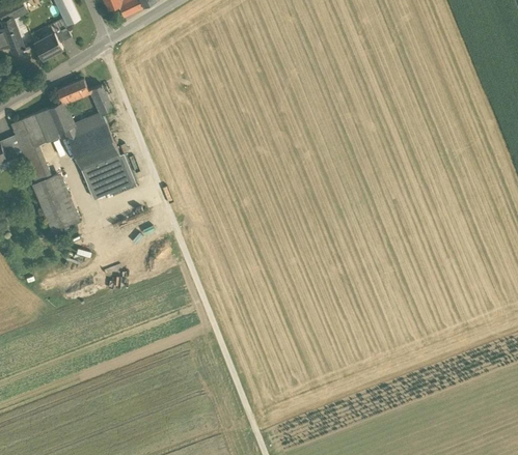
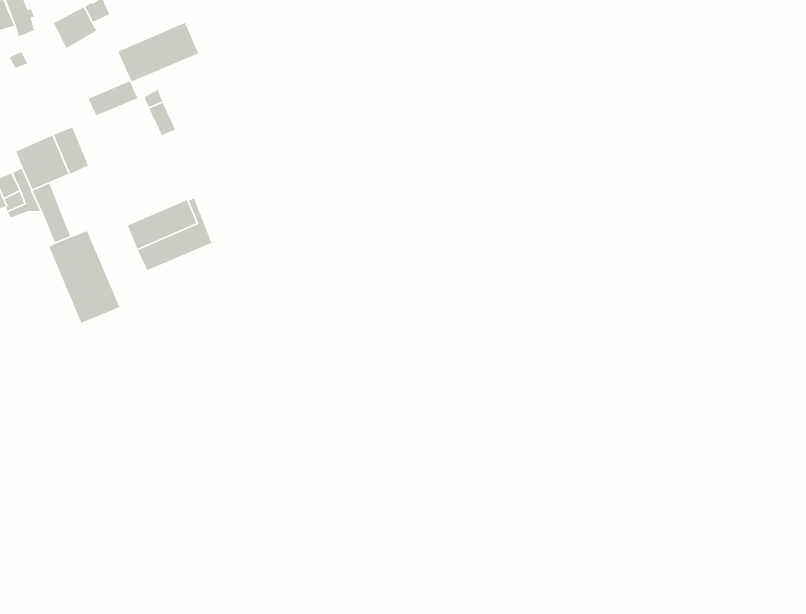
building: none -> [117,22,200,82]
building: [47,103,72,134] -> none
building: [67,122,119,171] -> none

